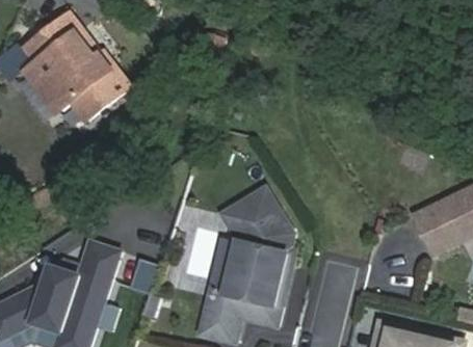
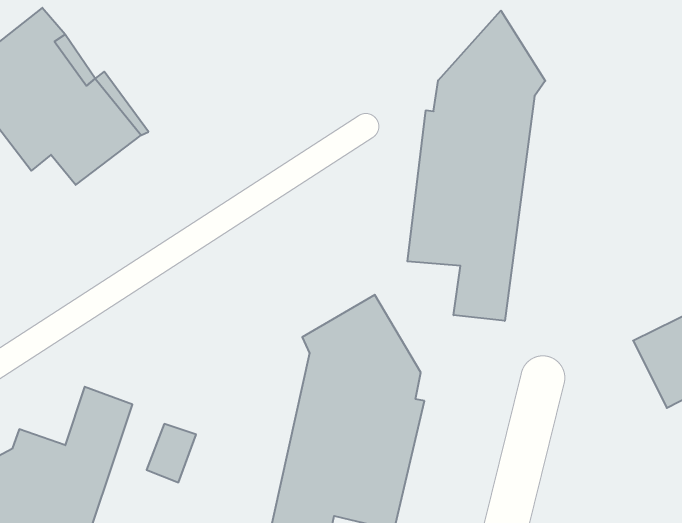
building: none -> [407,11,545,321]

